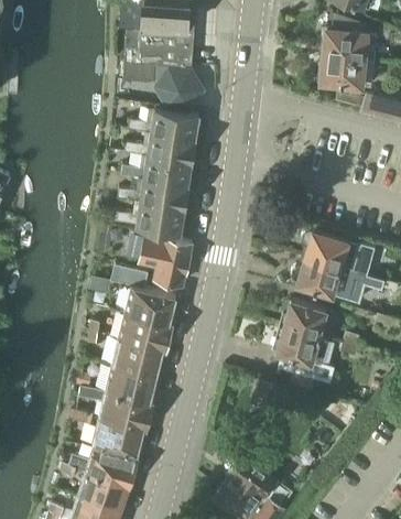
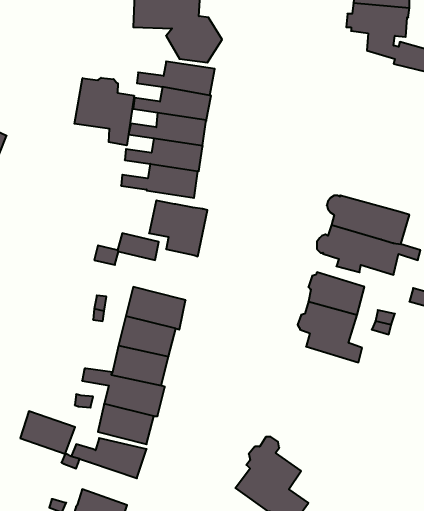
building: none -> [74,78,134,145]
building: [124,290,175,326] -> none
building: [78,474,128,512] -> [20,411,75,454]

